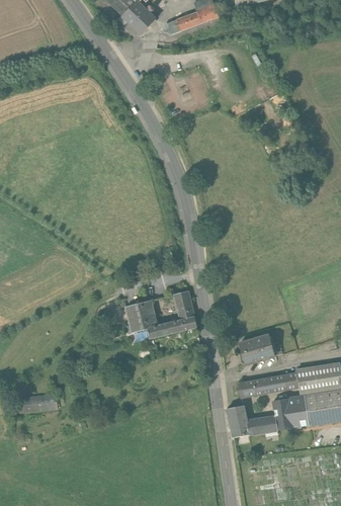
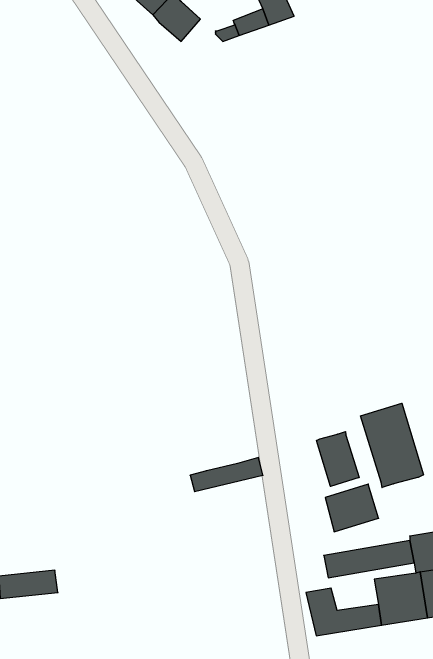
building: none -> [361,403,423,488]
building: [173,290,193,320] -> none
building: none -> [317,432,359,486]
building: [124,300,158,332] -> none

